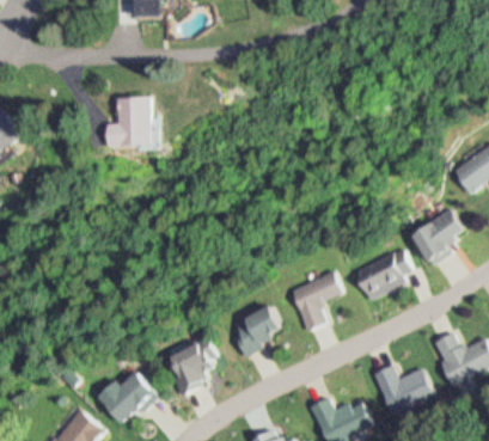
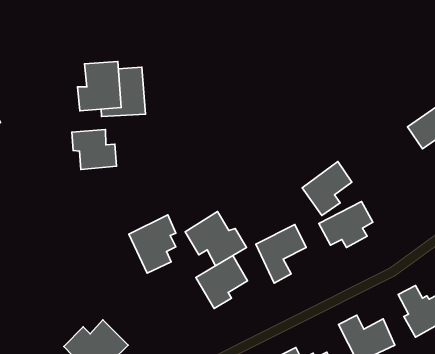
building: none -> [72,130,117,170]
building: [410,208,462,264] -> [302,161,352,215]
building: none -> [185,212,246,266]
building: [161,333,210,394] -> [129,215,176,273]

